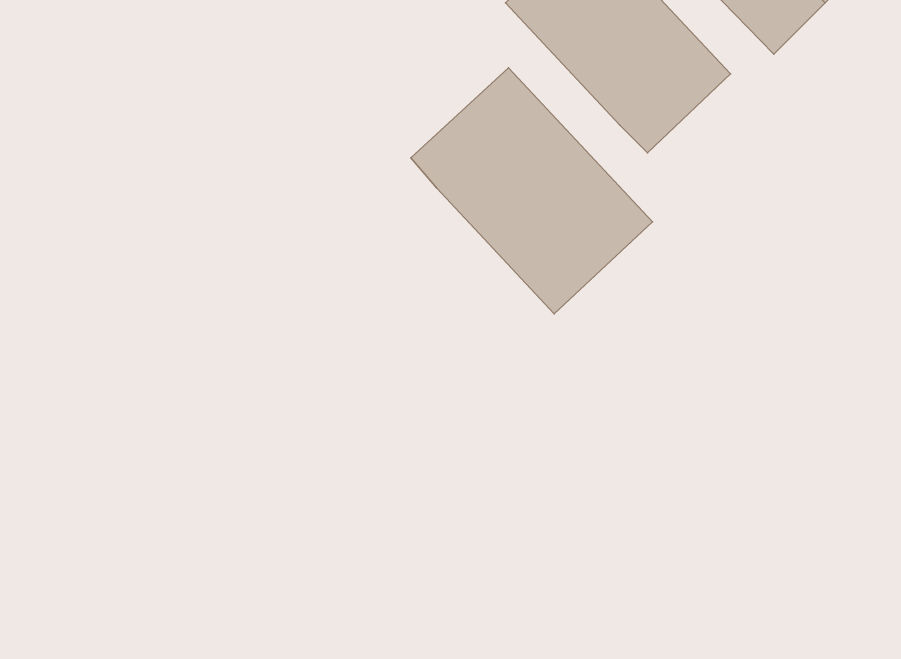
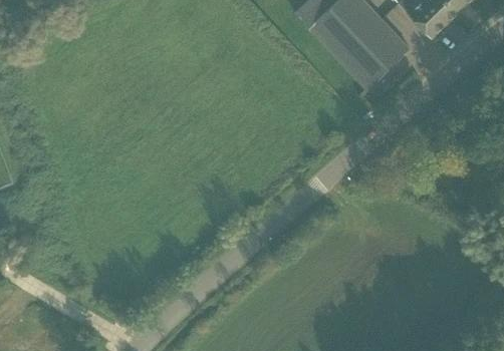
building: [411,68,653,314] -> none

